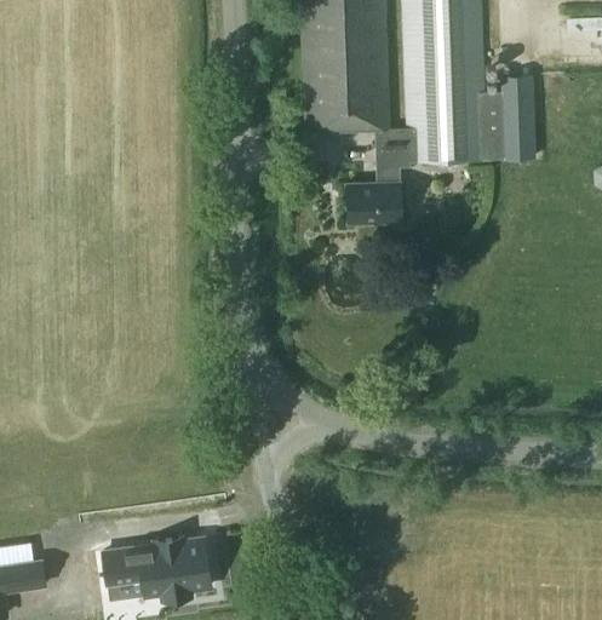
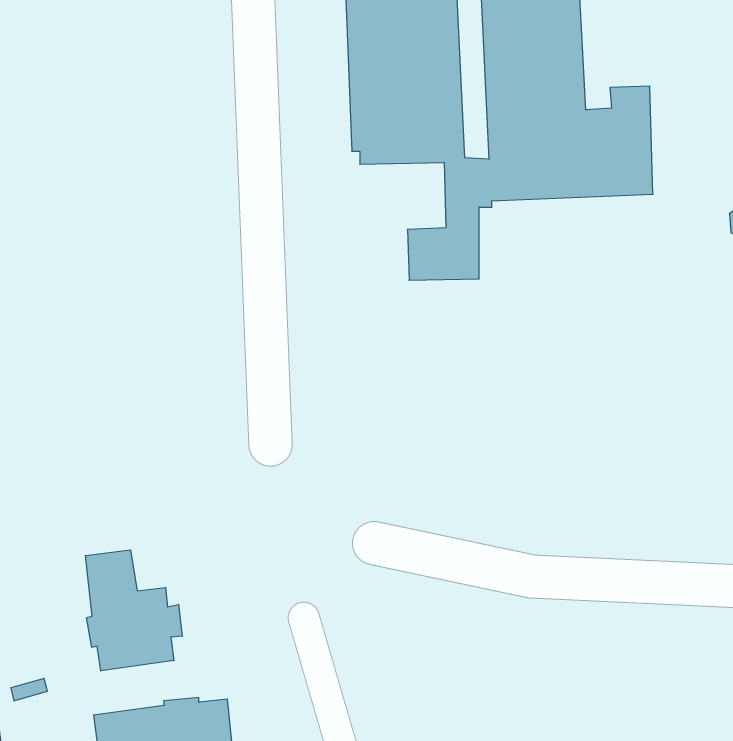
building: none -> [85,550,182,671]

